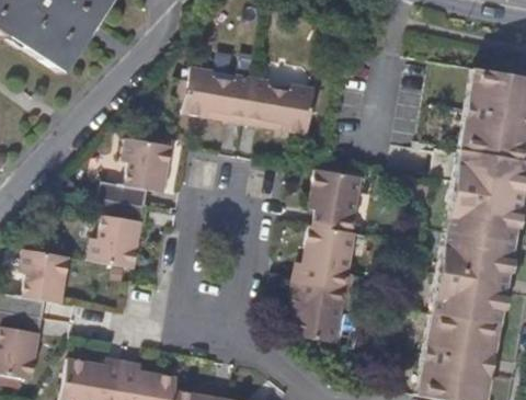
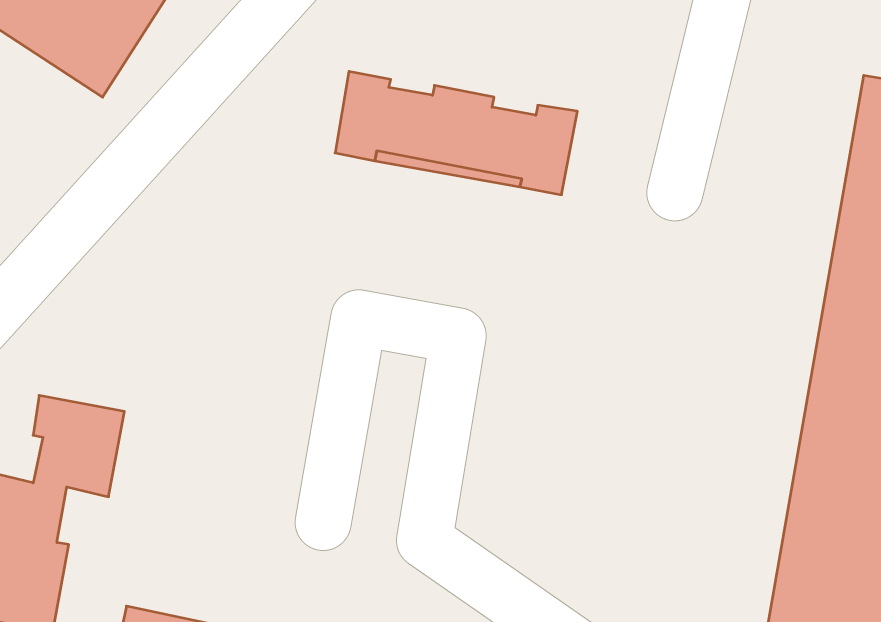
building: [88,135,173,265] -> none
building: [293,169,364,341] -> none

